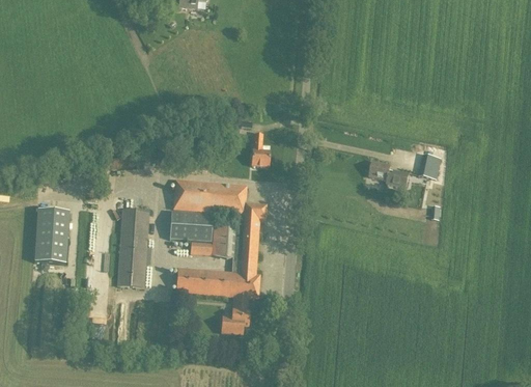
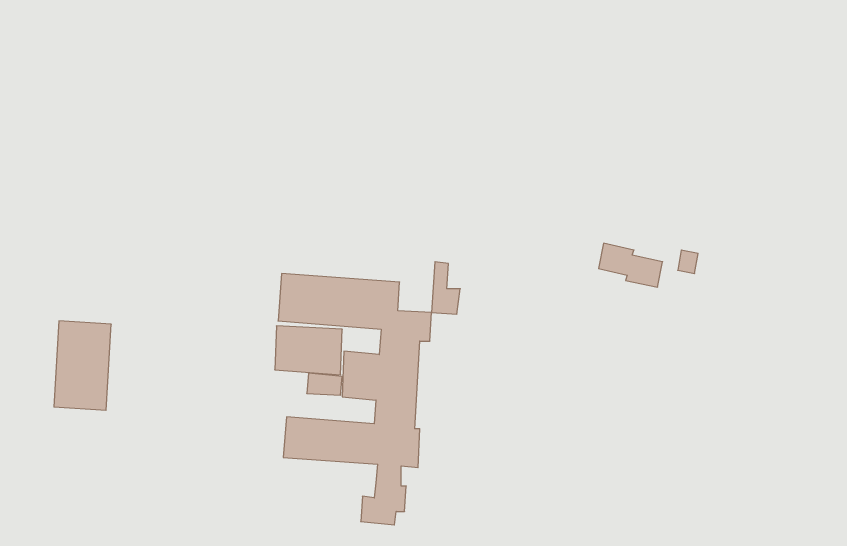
building: [253,134,271,166] -> [432,262,460,314]
building: [117,209,150,287] -> none

